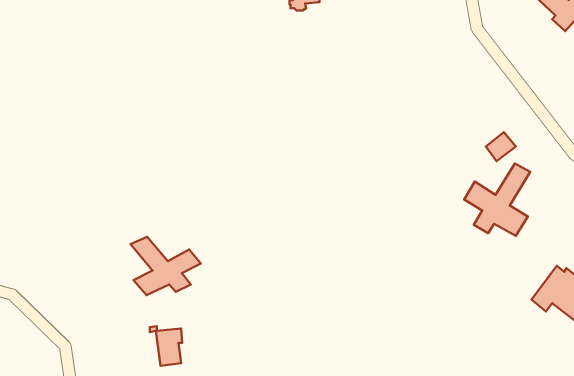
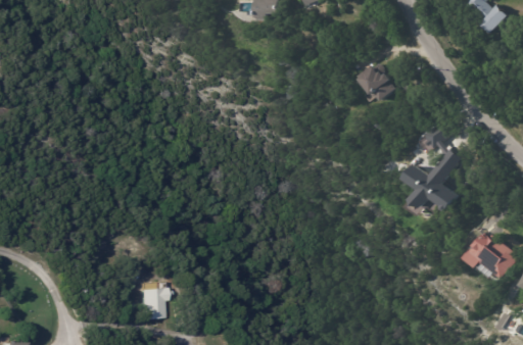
building: none -> [353,66,392,100]
building: [131,237,201,295] -> none

